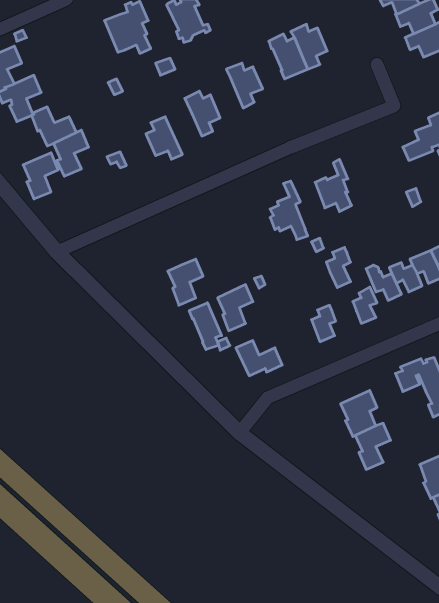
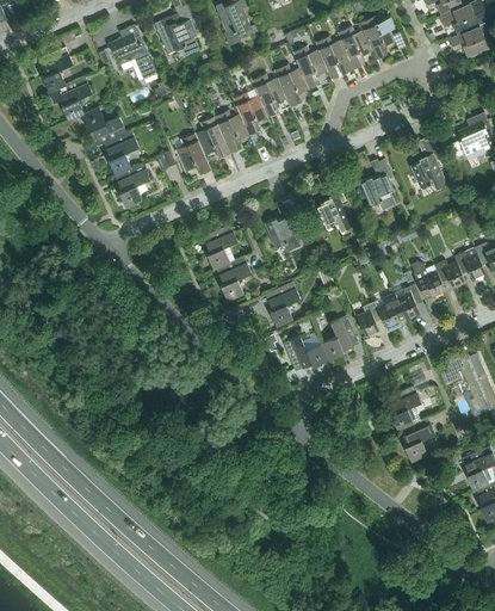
building: none -> [359,17,395,61]
building: none -> [109,24,156,80]
building: none -> [292,47,328,90]
building: none -> [250,74,286,118]
building: none -> [214,111,249,154]
building: none -> [175,134,211,175]
building: none -> [412,138,446,190]
building: [23,153,58,199] -> [115,163,149,209]
building: none -> [265,200,301,251]
building: none -> [202,224,237,270]
building: [326,247,351,288] -> [377,294,401,333]
building: [189,303,222,350] -> none
building: none -> [321,316,359,360]

